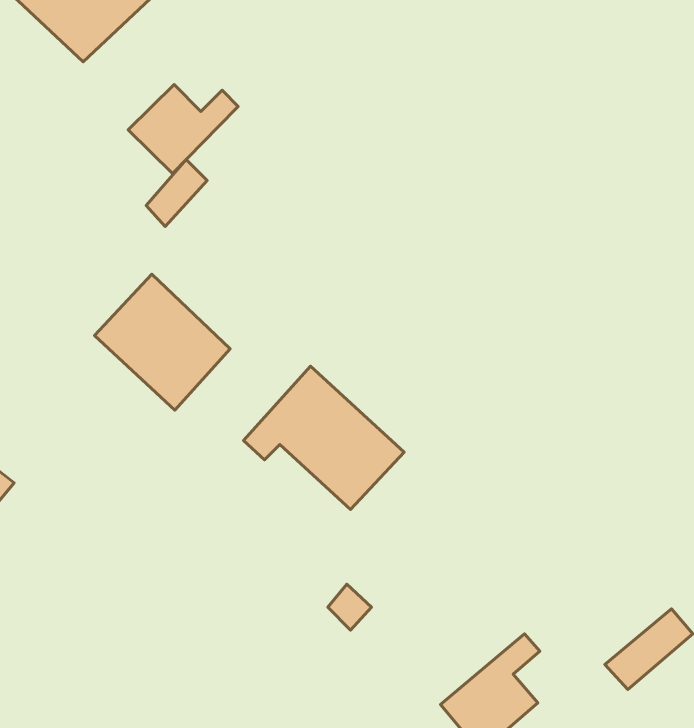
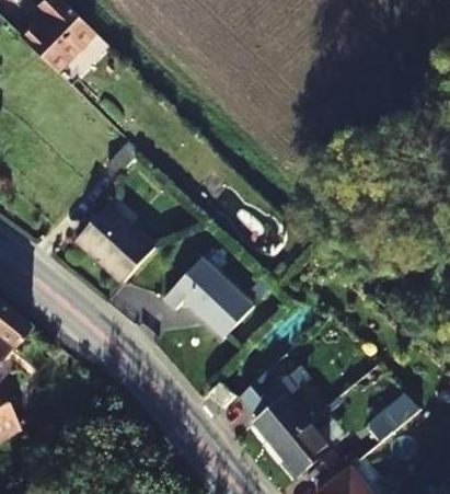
building: [128,84,238,173] -> none
building: none -> [239,364,308,451]

